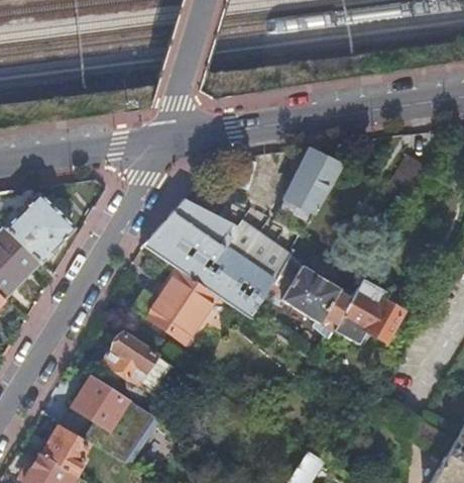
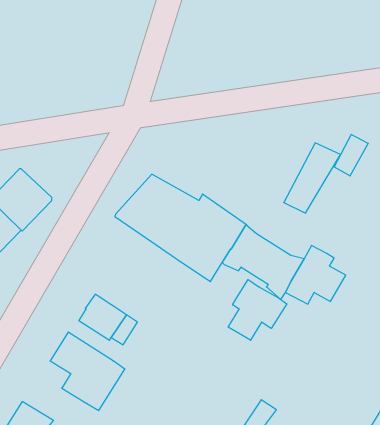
building: [275,154,339,232] -> [284,143,341,213]
building: [133,269,218,344] -> none
building: none -> [228,280,287,340]
building: [23,426,88,474] -> none

